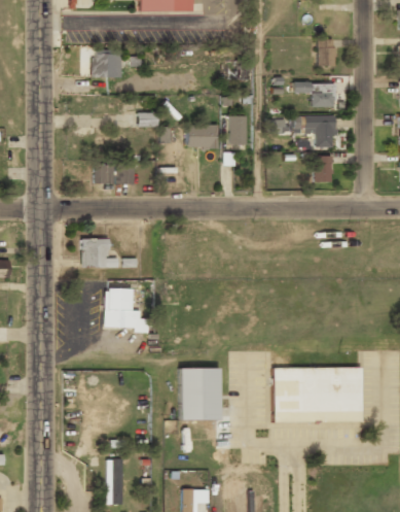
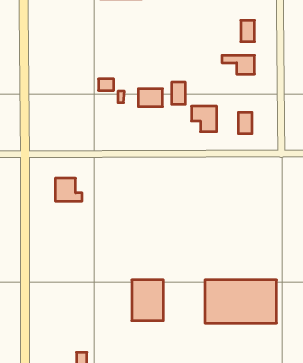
building: [93,50,120,77] -> none
building: [302,115,334,147] -> [191,106,217,132]
building: [94,165,134,184] -> none
building: [105,289,148,330] -> none

